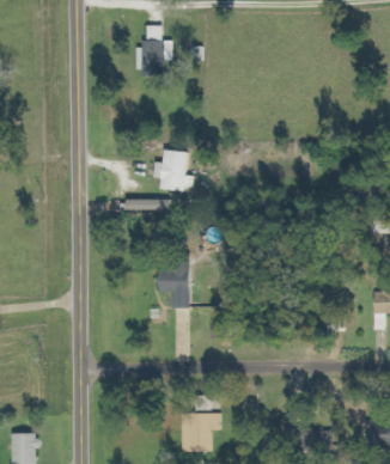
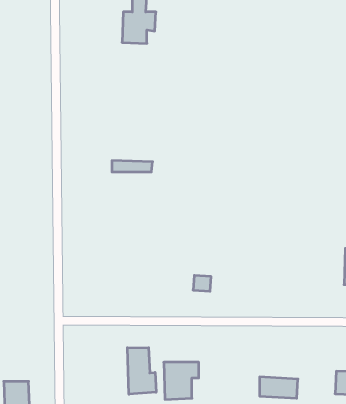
building: [153,149,189,191] -> none
building: [157,270,189,309] -> none
building: none -> [127,348,156,394]

